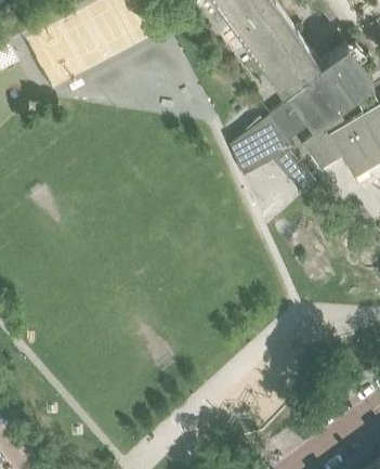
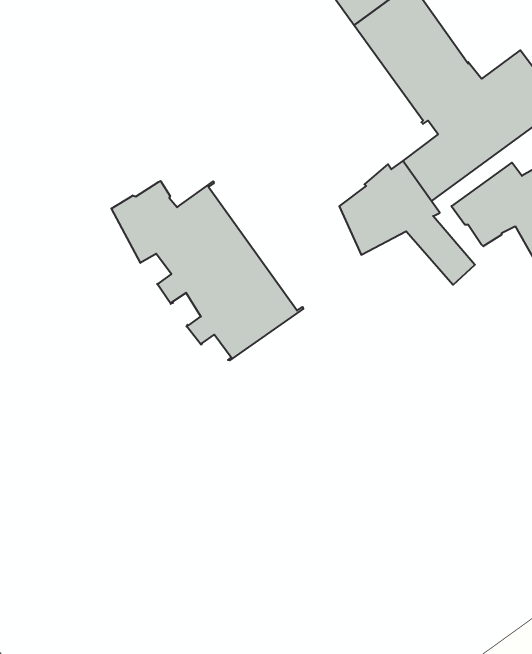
building: none -> [111,181,303,360]

